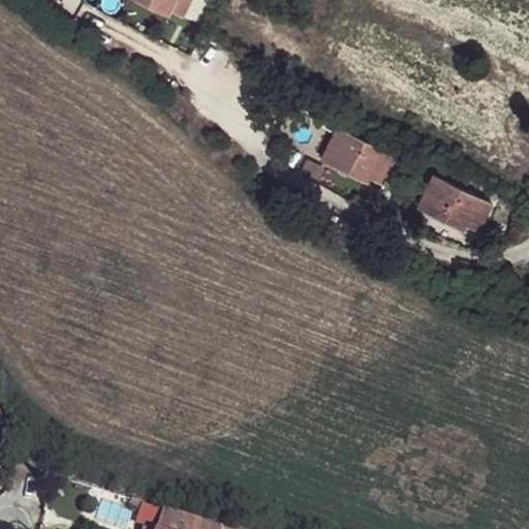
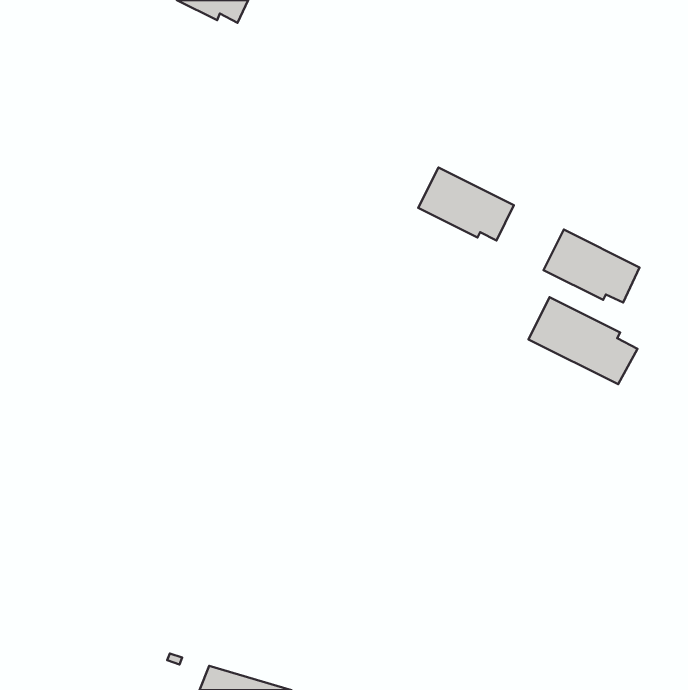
building: none -> [529,297,638,384]

